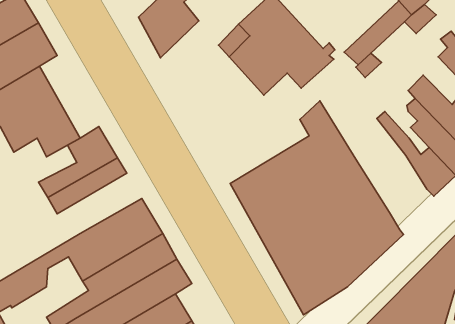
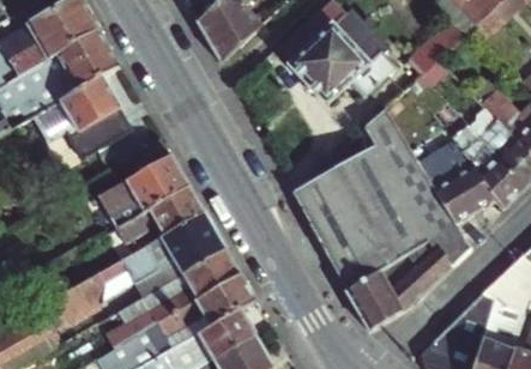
building: none -> [423,164,496,224]
building: none -> [108,183,203,246]

